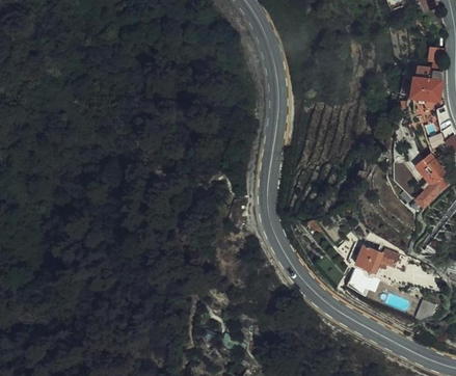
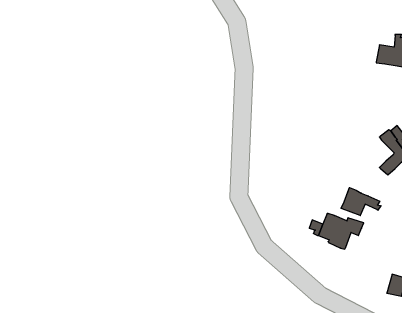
building: none -> [341,188,381,216]

